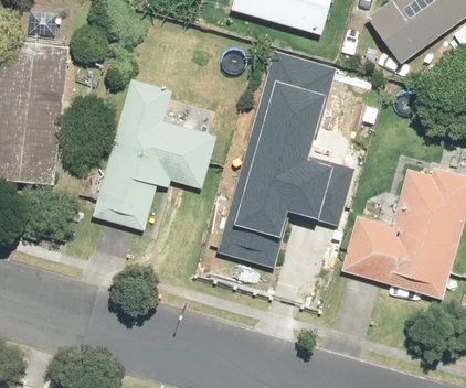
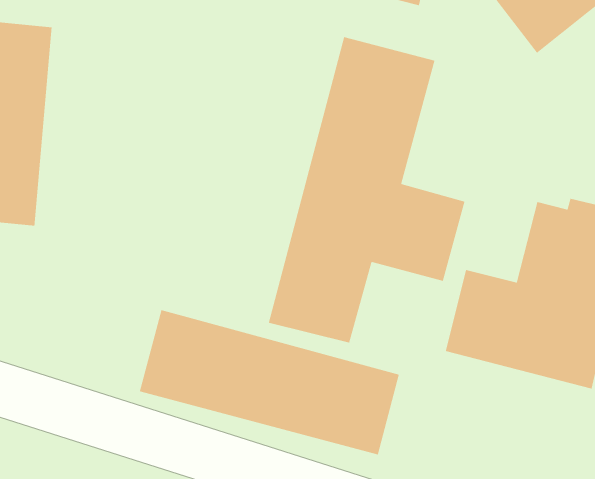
building: [92,78,218,233] -> none
building: none -> [139,309,400,456]

